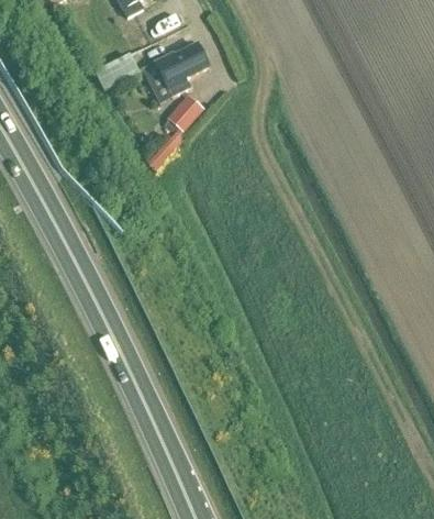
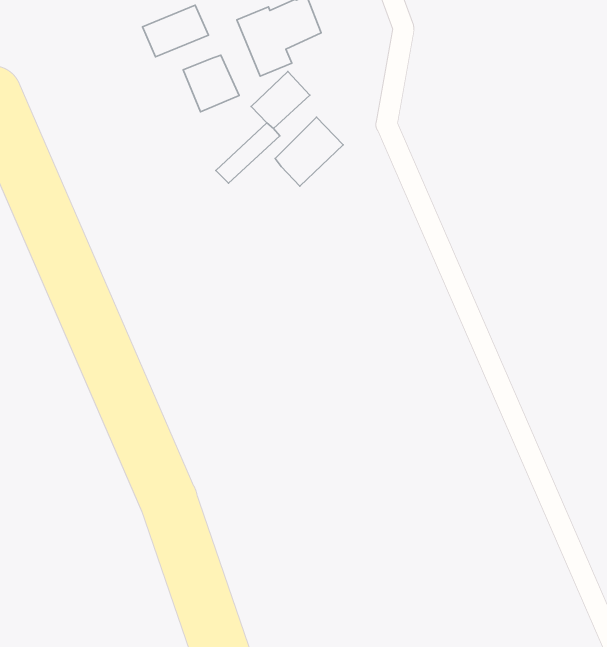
building: none -> [183,55,239,112]
building: none -> [275,117,343,186]

